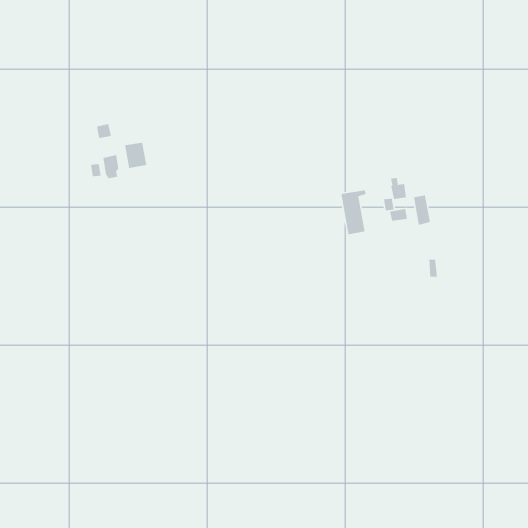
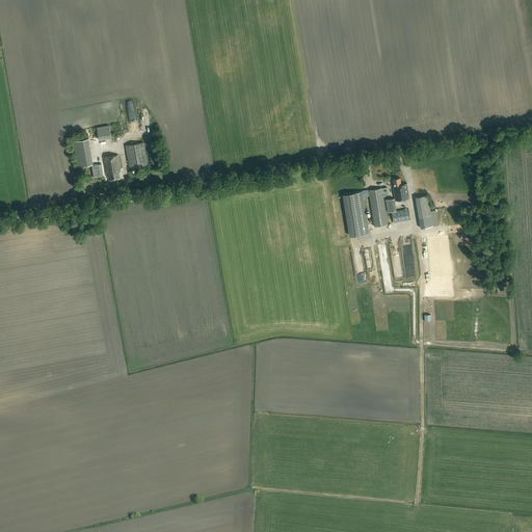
building: none -> [73,138,92,167]
building: none -> [367,189,387,228]

